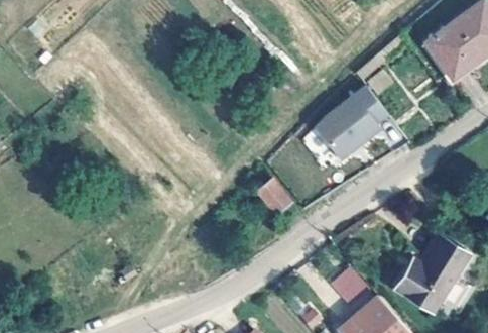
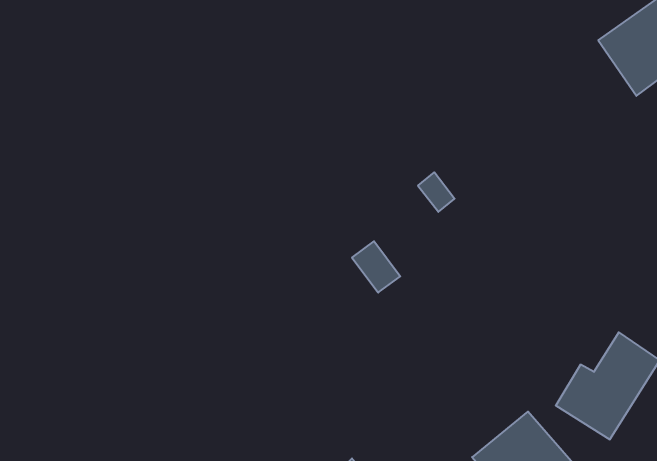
building: [316,84,386,155] -> none
building: [329,267,368,307] -> none

